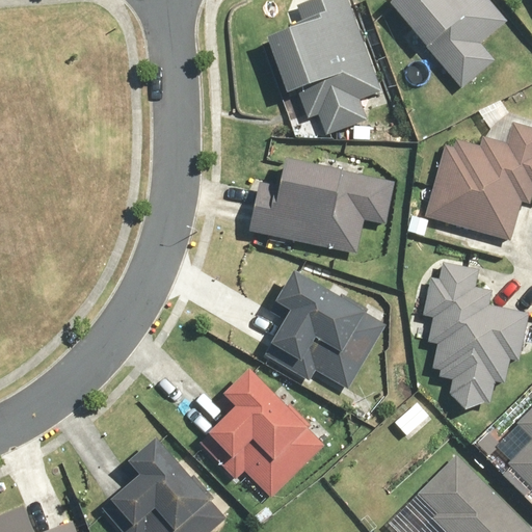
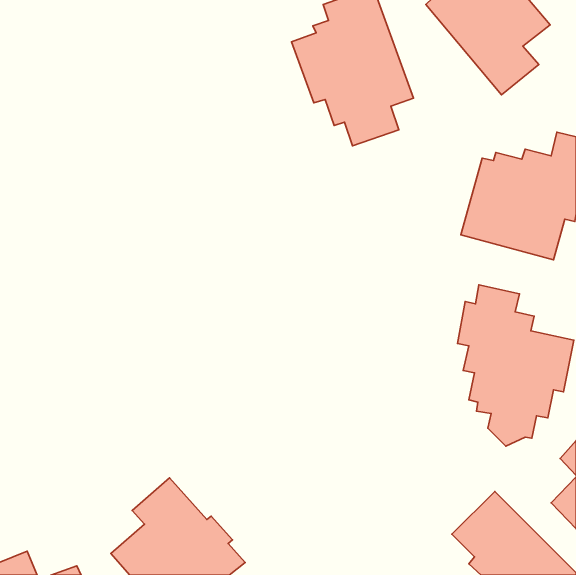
building: [248,158,395,255] -> none
building: [265,270,387,390] -> none
building: [200,370,324,498] -> none

